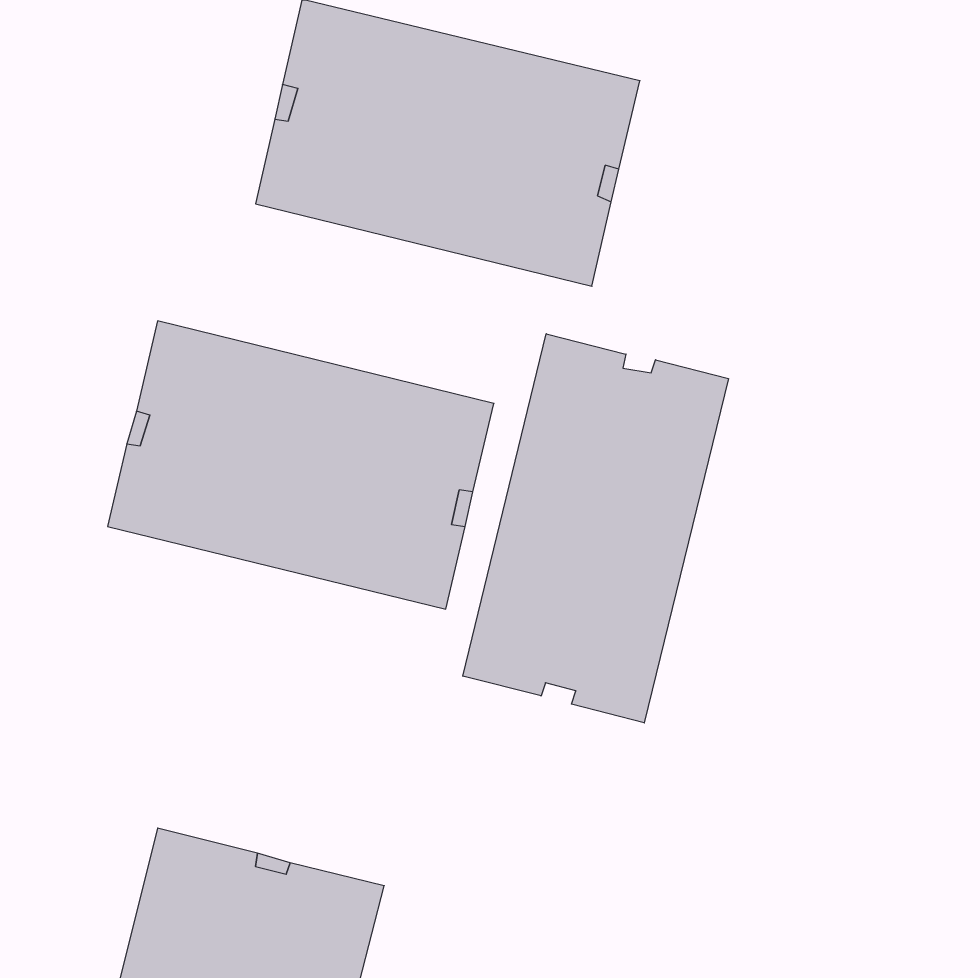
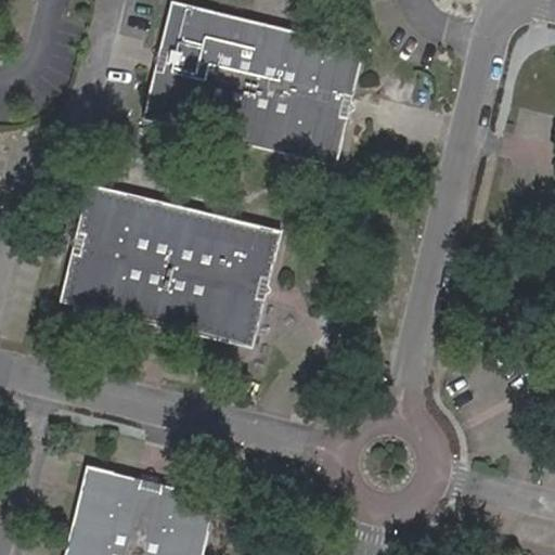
building: [463,334,728,723] -> none

